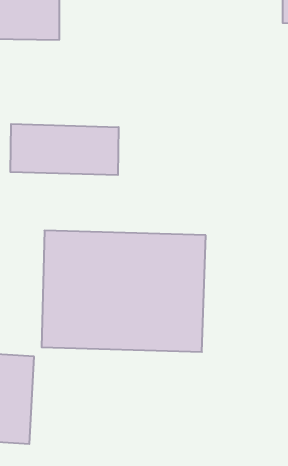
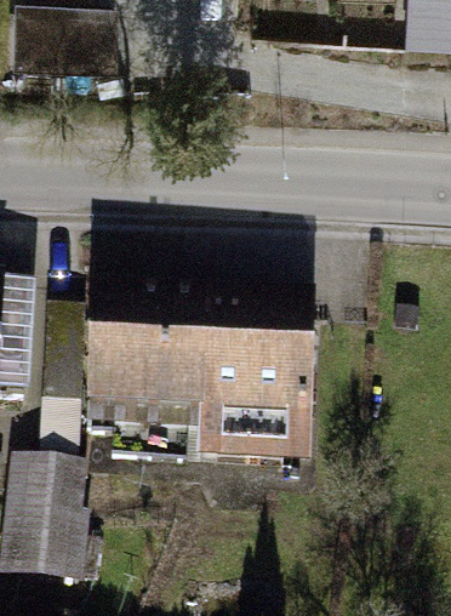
building: [10,124,119,175] -> none

